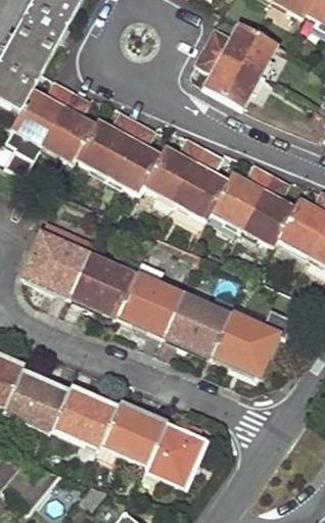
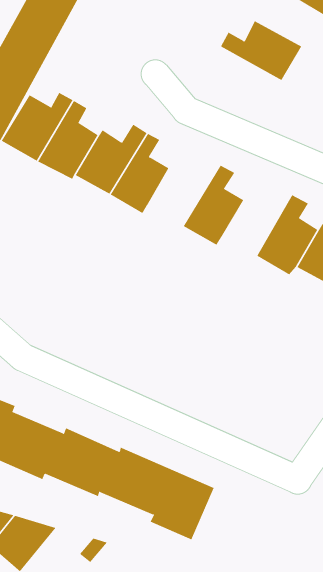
building: [199,43,263,106] -> none
building: [142,142,207,204] -> none
building: [210,170,272,231] -> none
building: [26,232,276,372] -> none

